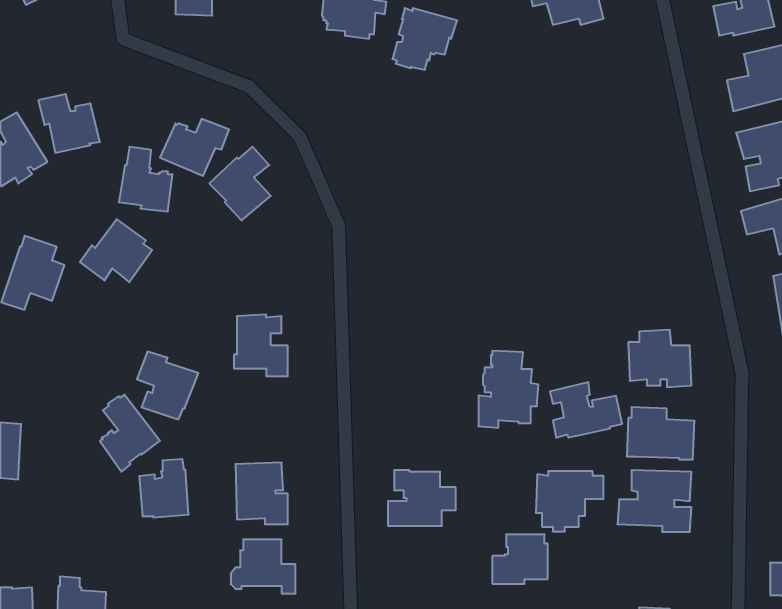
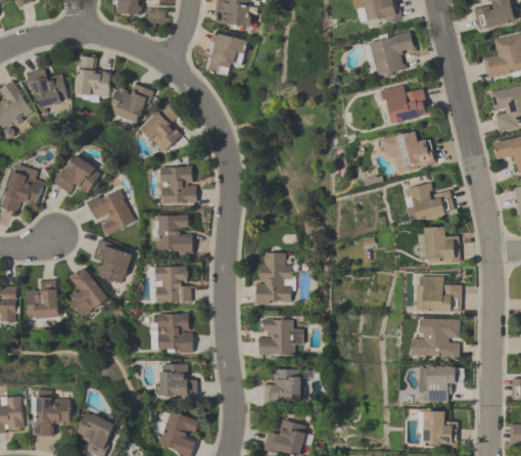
building: [392,8,457,70] -> [205,35,248,76]
building: none -> [369,32,414,79]
building: none -> [380,83,429,122]
building: [119,147,173,211] -> [75,54,110,97]
building: none -> [381,128,436,171]
building: none -> [160,166,196,203]
building: none -> [88,186,135,234]
building: [478,351,538,428] -> [255,253,295,304]
building: [550,382,622,438] -> [406,181,454,218]
building: none -> [155,265,191,303]
building: [139,459,189,518] -> [26,280,58,319]
building: [536,471,604,531] -> [419,363,464,403]
building: [492,534,548,584] -> [264,369,300,402]

